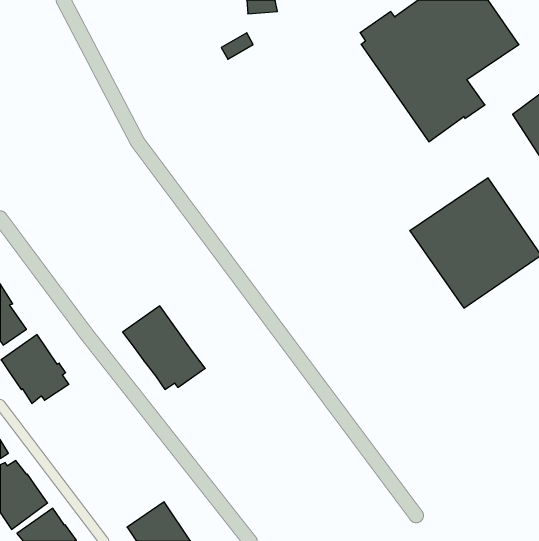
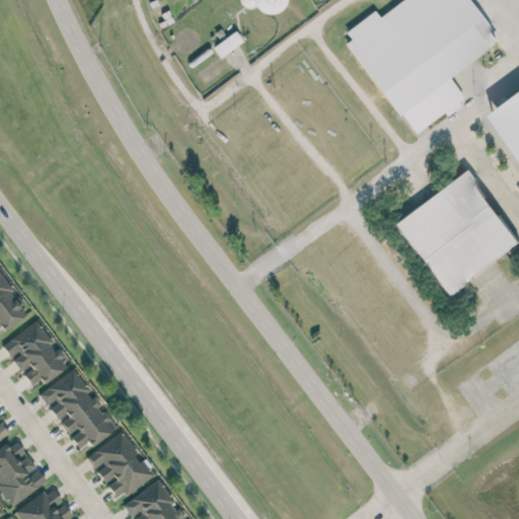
building: [123,306,205,389] -> [40,368,119,448]
building: none -> [87,431,154,500]

